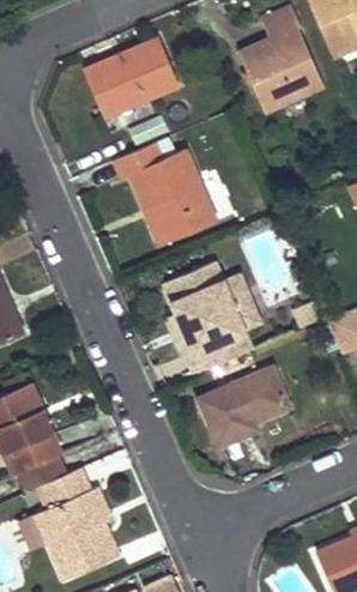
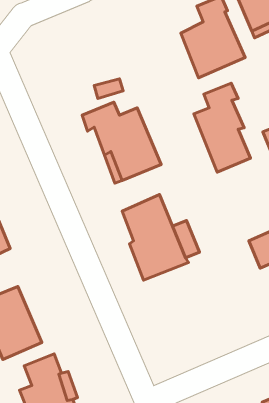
building: [85,37,180,117] -> none
building: none -> [194,83,250,172]
building: [199,369,290,447] -> none

